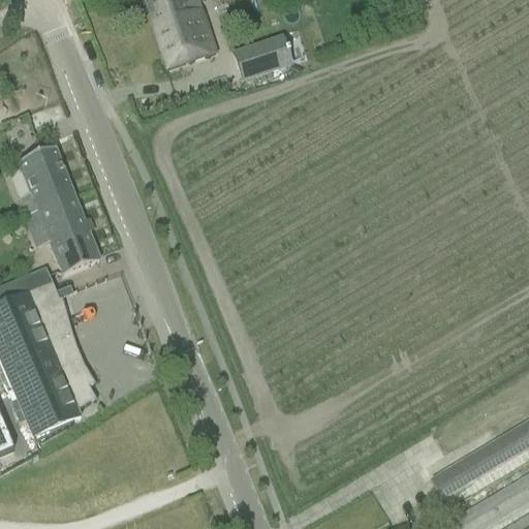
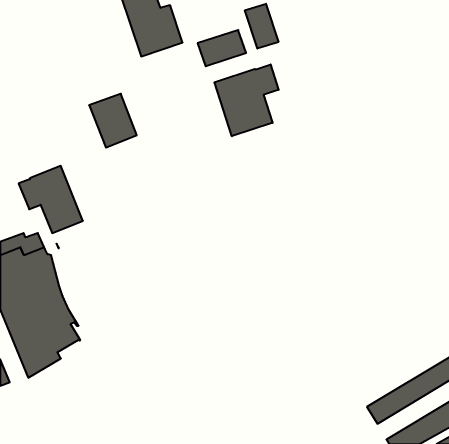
building: none -> [245,4,278,49]
building: none -> [214,64,279,136]
building: [18,146,73,209] -> [89,94,137,148]

